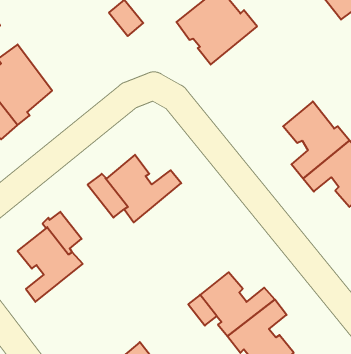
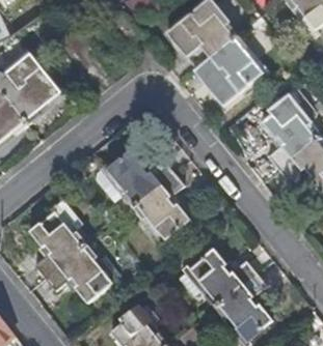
building: none -> [198,35,264,105]
building: none -> [131,172,189,239]
building: none -> [45,242,112,302]

